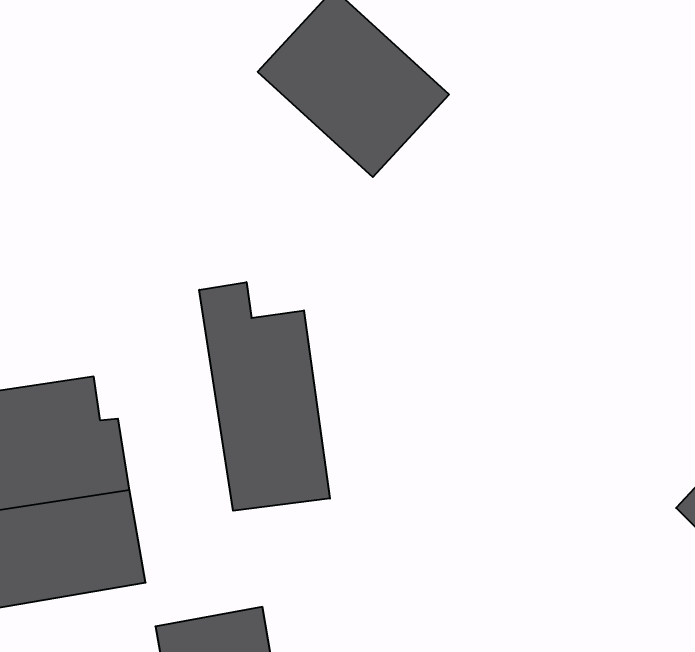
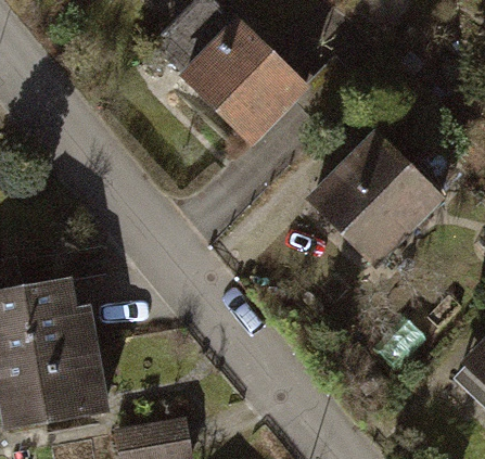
building: none -> [305,126,446,266]
building: [199,282,330,511] -> none

